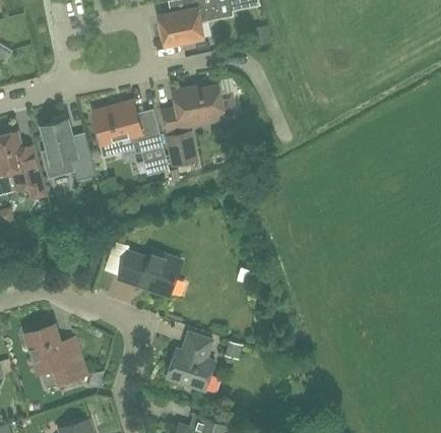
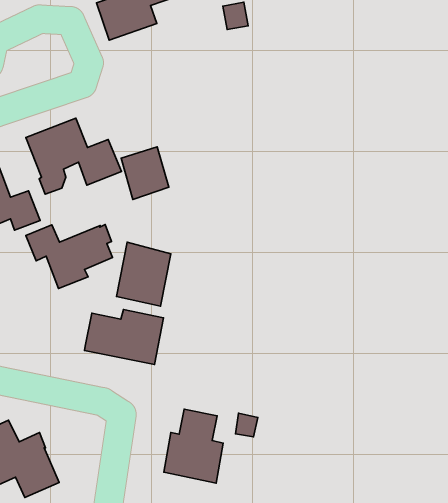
building: [162,85,237,131] -> none
building: none -> [26,225,112,288]
building: none -> [116,242,171,306]

